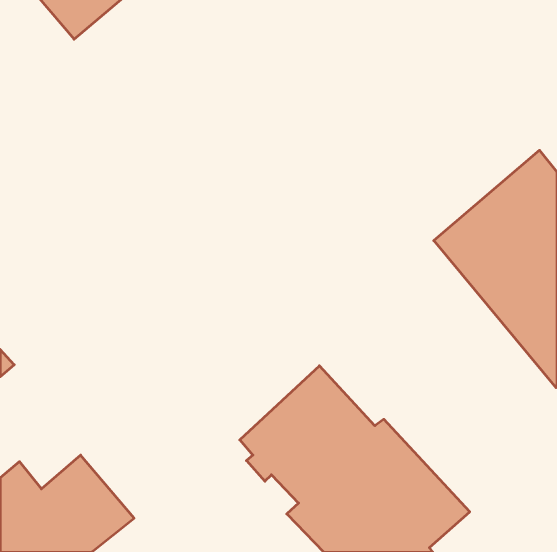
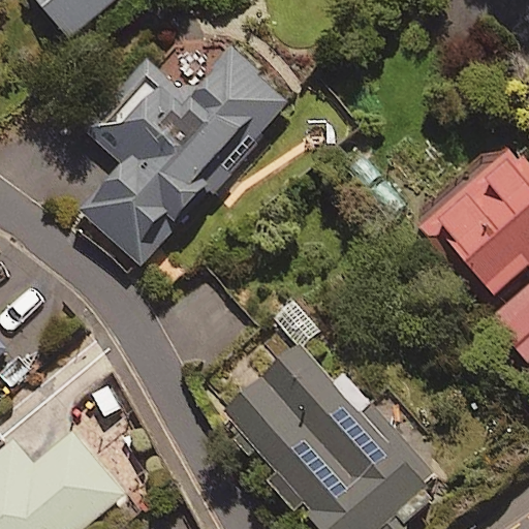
building: none -> [79,50,289,257]

